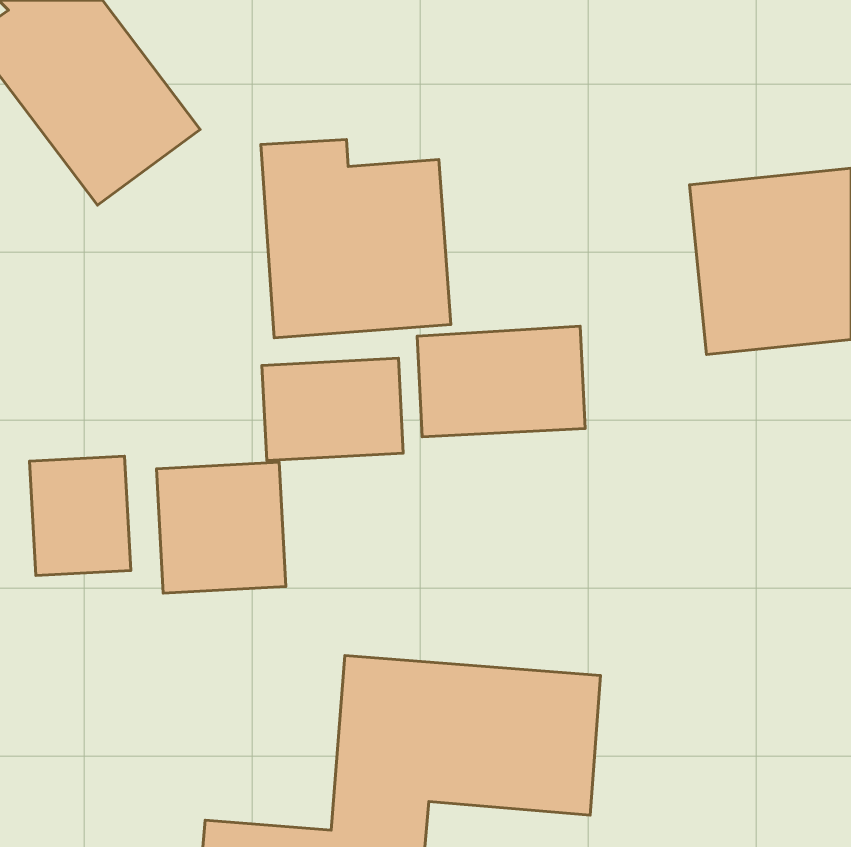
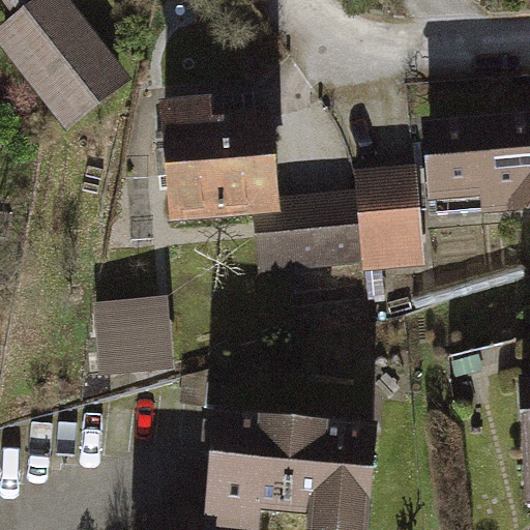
building: none -> [359,168,426,275]
building: [262,358,403,460] -> none
building: [30,456,131,576] -> none

